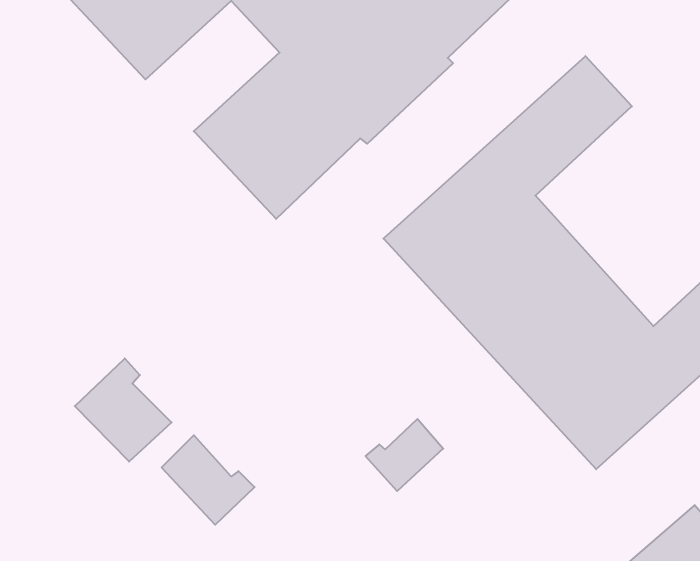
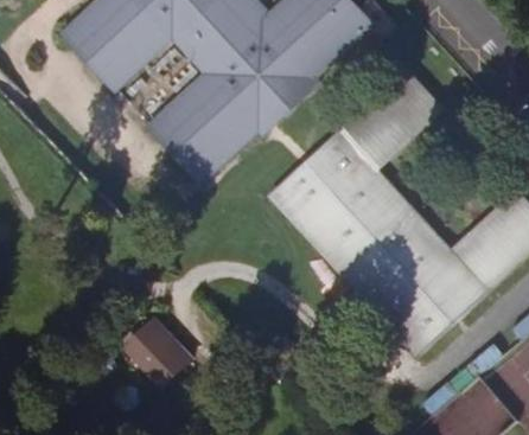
building: [75,358,172,462] -> none
building: [366,419,443,491] -> none

